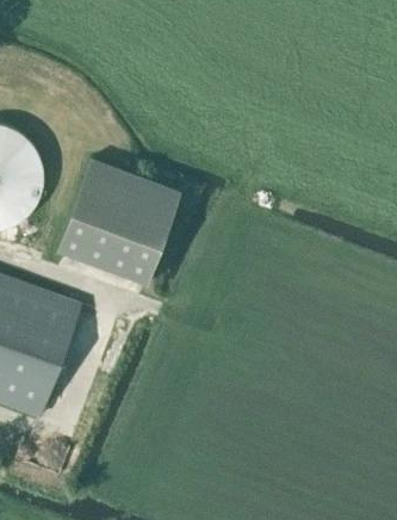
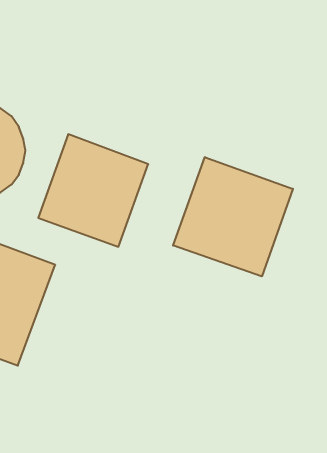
building: none -> [173,157,293,276]

